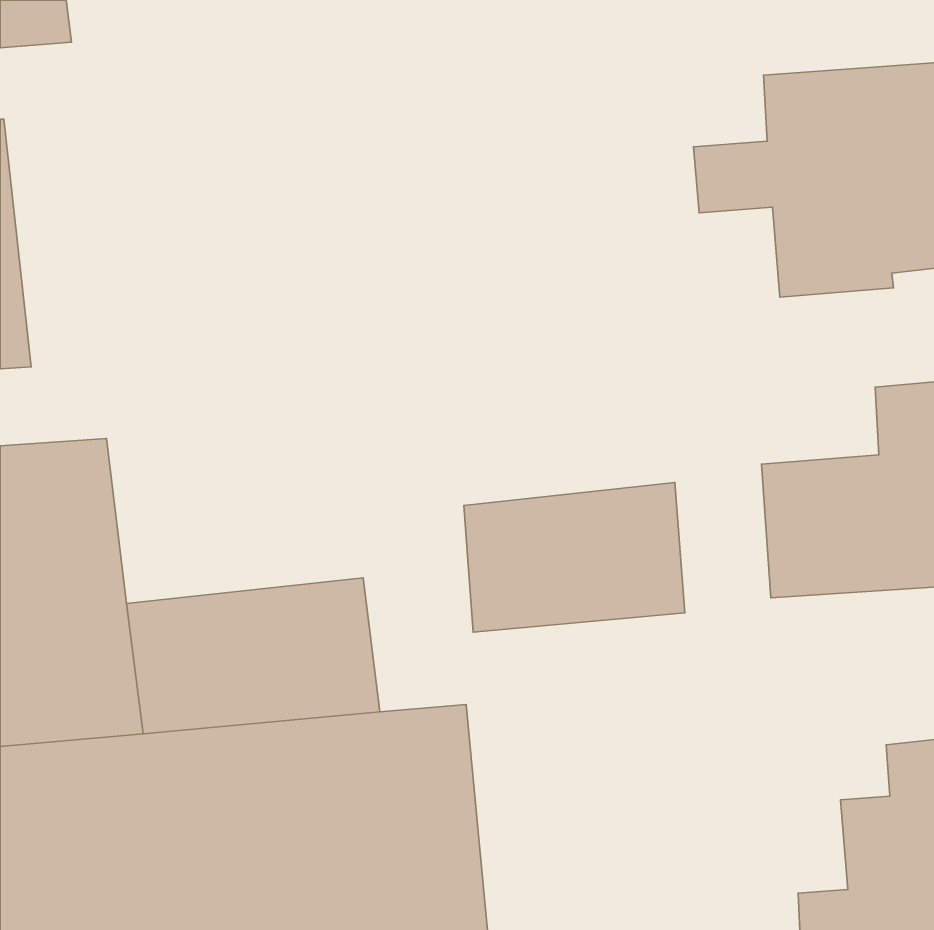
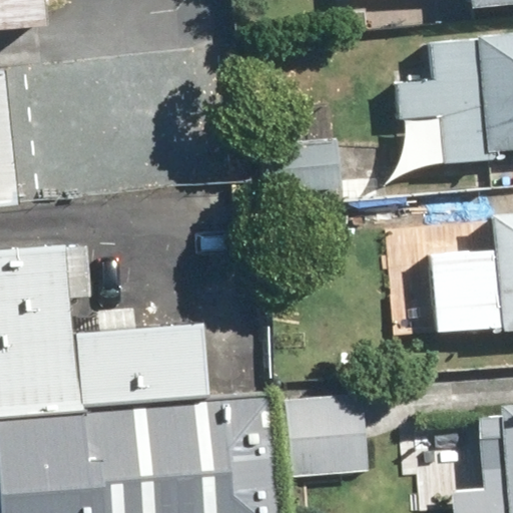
building: [464,483,685,632] -> none
building: none -> [273,393,357,482]

